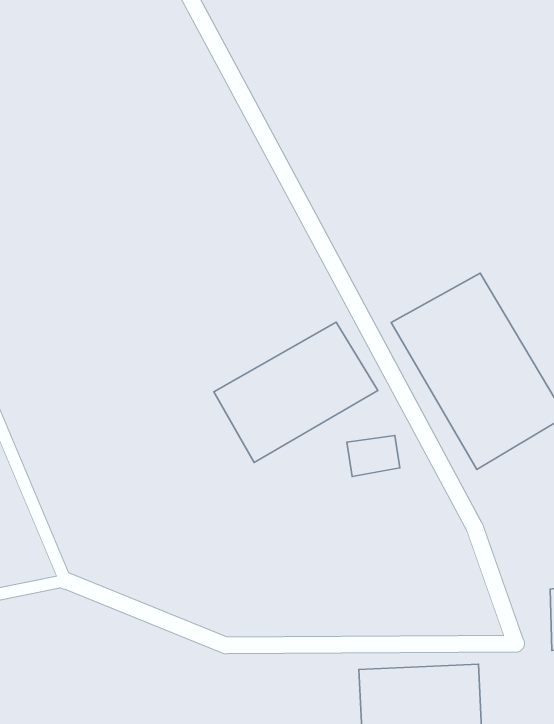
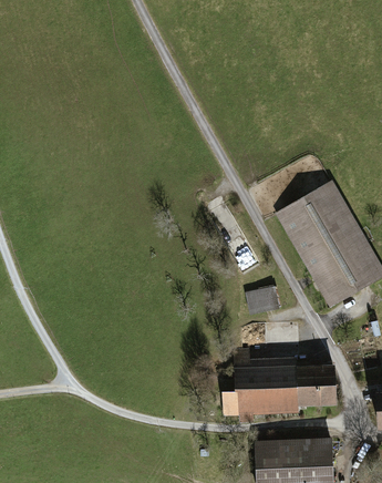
building: [214,322,378,463] -> none
building: none -> [220,349,337,423]

